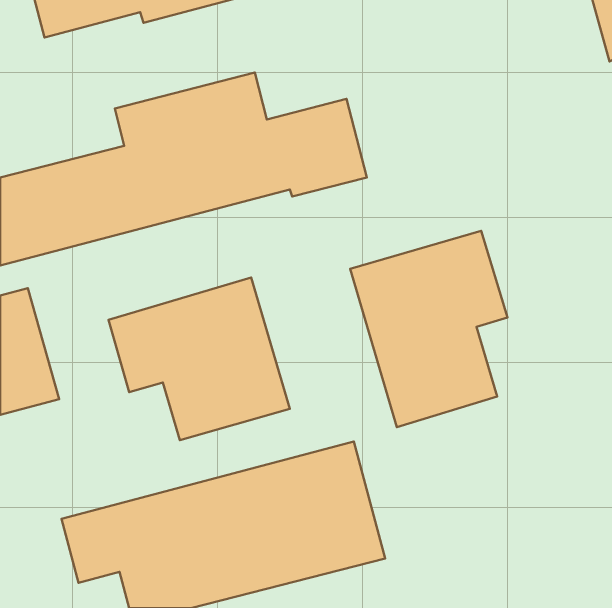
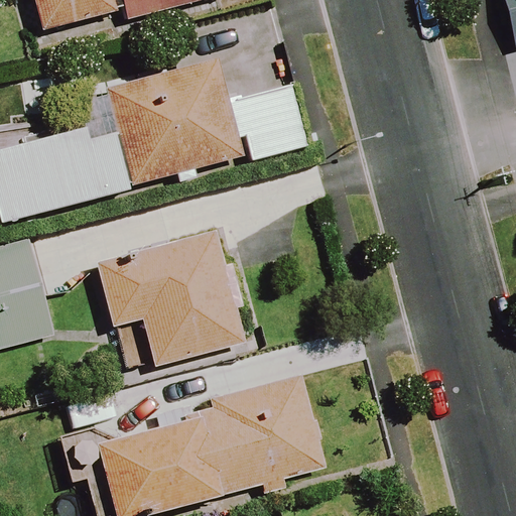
building: [350,231,507,427] -> none

